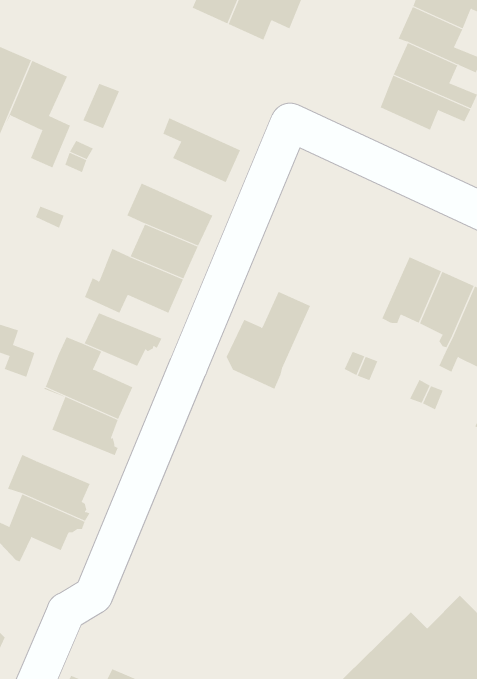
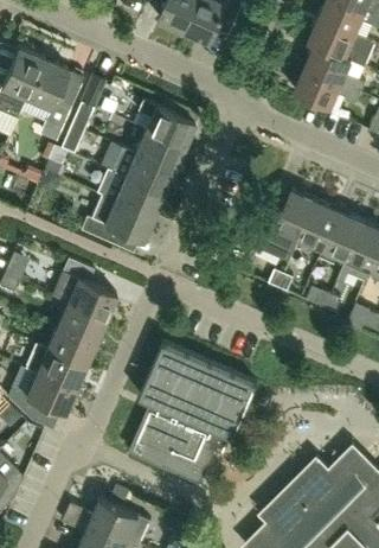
building: none -> [135,129,184,171]
building: [226,291,311,389] -> [255,190,316,261]
building: [84,312,162,366] -> [46,326,103,365]
building: none -> [130,343,257,482]

